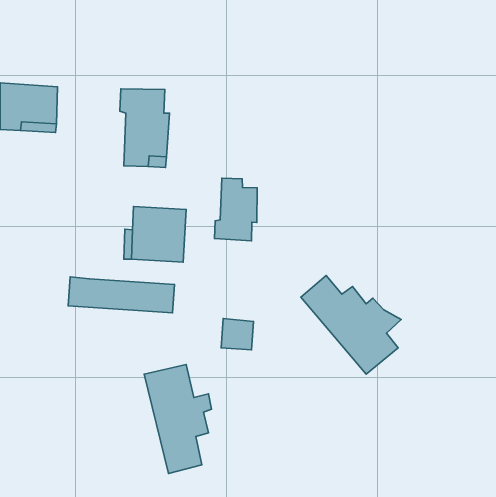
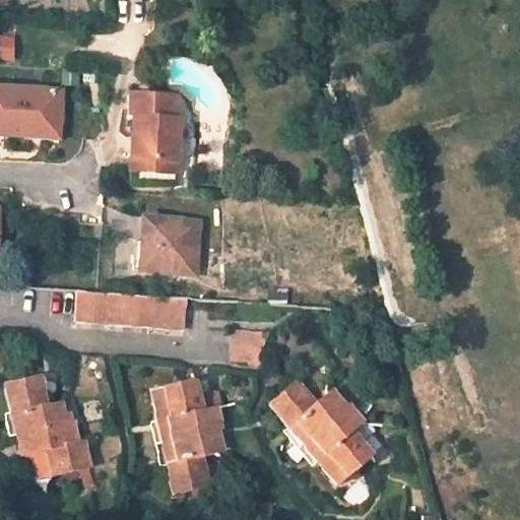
building: [215,178,257,241] -> none
building: [301,276,401,374] -> [269,381,374,483]
building: none -> [7,376,93,481]

